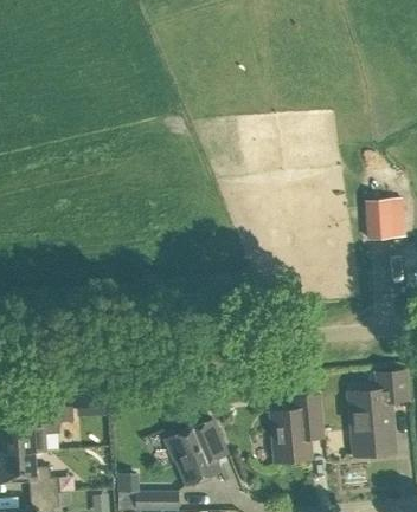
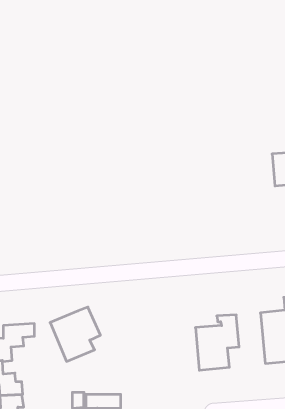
building: [167,419,229,485] -> [50,307,100,361]

